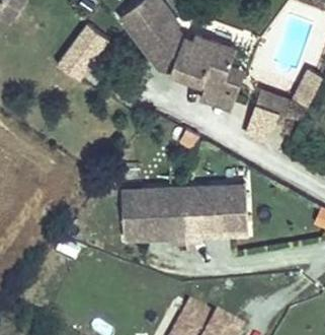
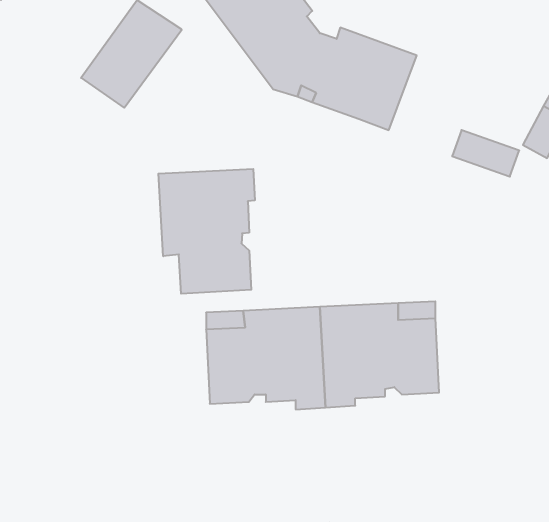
building: [200,67,245,111] -> none
building: none -> [158,169,255,294]

